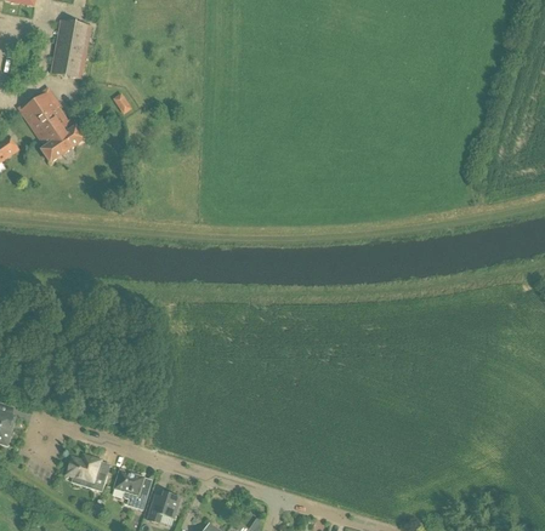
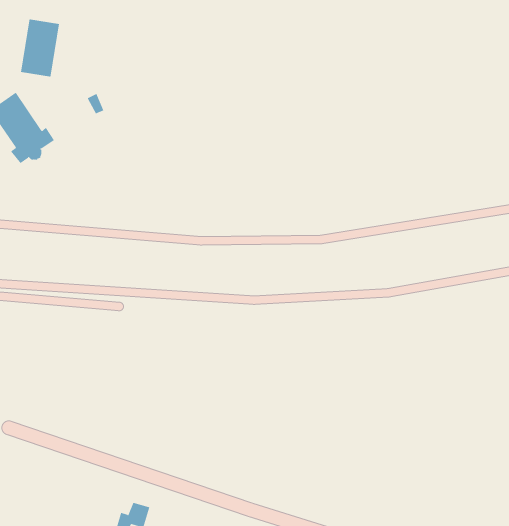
building: [64,456,106,491] -> none
building: [113,469,147,509] -> none

